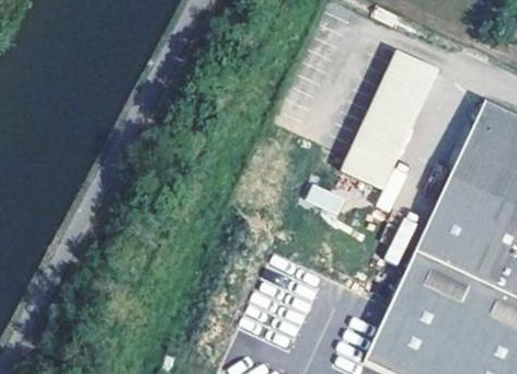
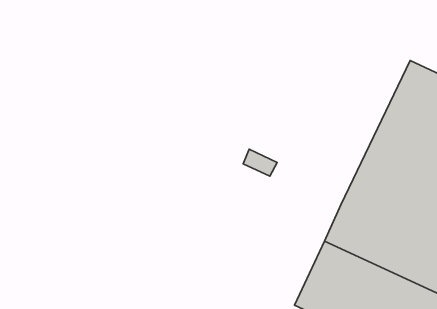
building: [342,55,438,193] -> none

